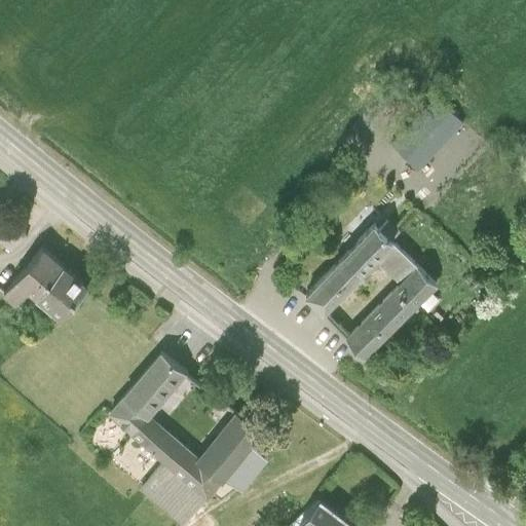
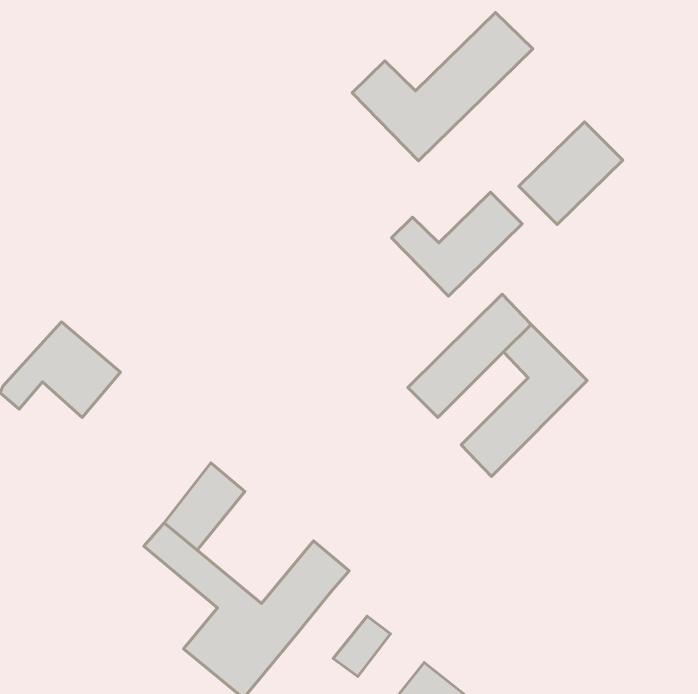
building: none -> [352,12,533,161]
building: none -> [391,192,522,296]
building: [223,448,266,493] -> [333,616,391,676]

